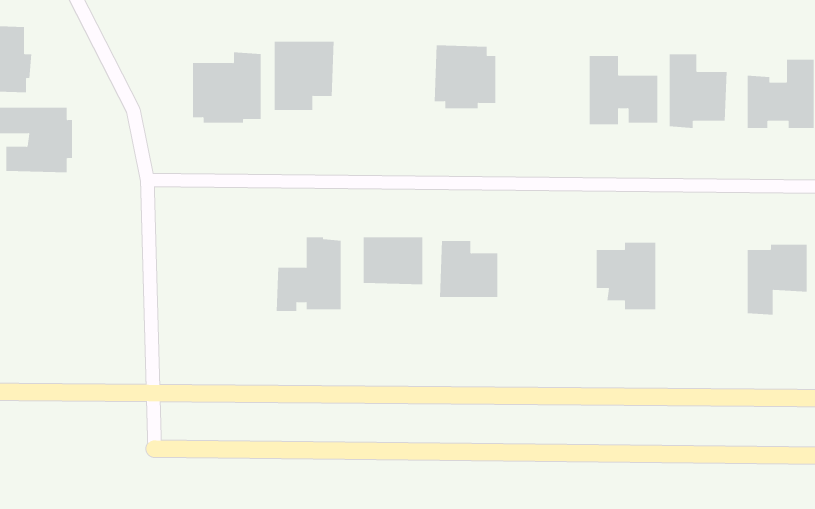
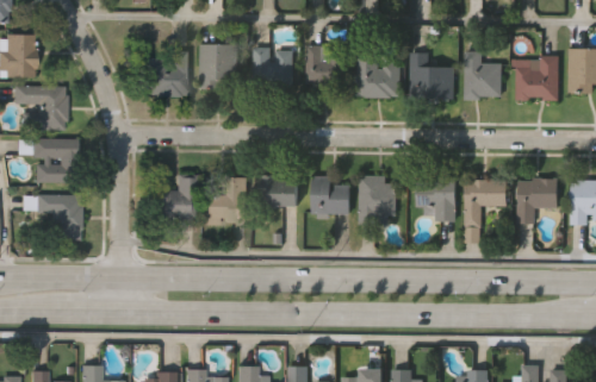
building: none -> [253,46,296,87]
building: none -> [356,46,403,98]
building: none -> [29,139,77,184]
building: none -> [154,174,195,219]
building: none -> [359,175,397,224]
building: none -> [464,179,508,227]
building: none -> [32,194,80,240]

